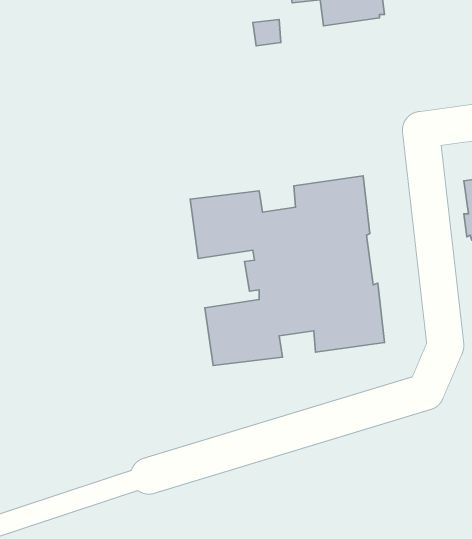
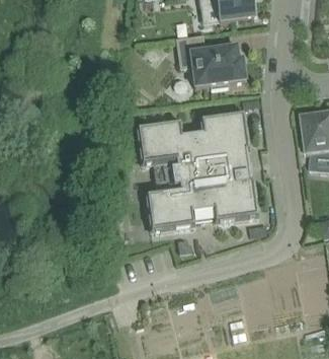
building: none -> [175,33,244,87]

